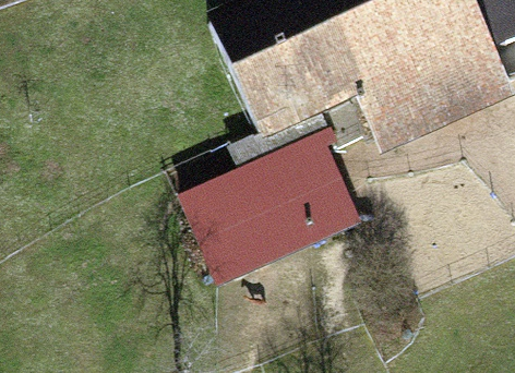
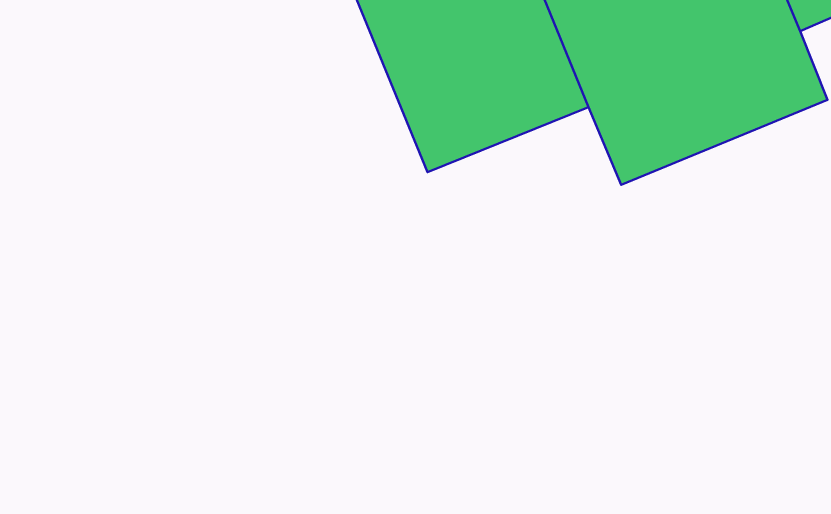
building: [192,151,361,287] -> none

